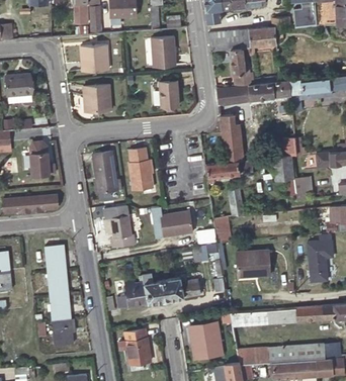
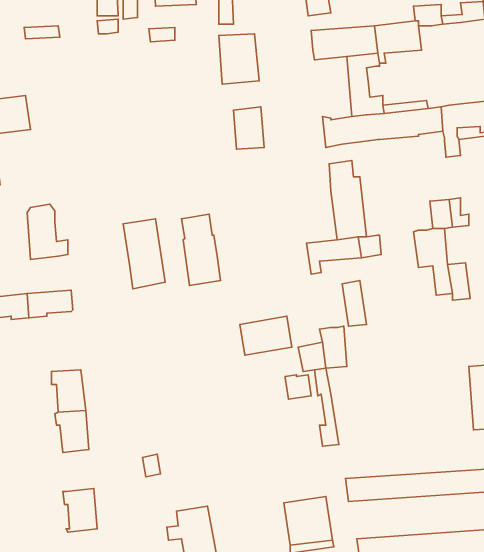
building: [81,44,108,72] -> none
building: [84,85,110,112] -> none
building: [105,207,134,250] -> none
building: [235,251,269,277] -> none
building: [115,274,199,309] -> none
building: [50,294,72,320] -> none

